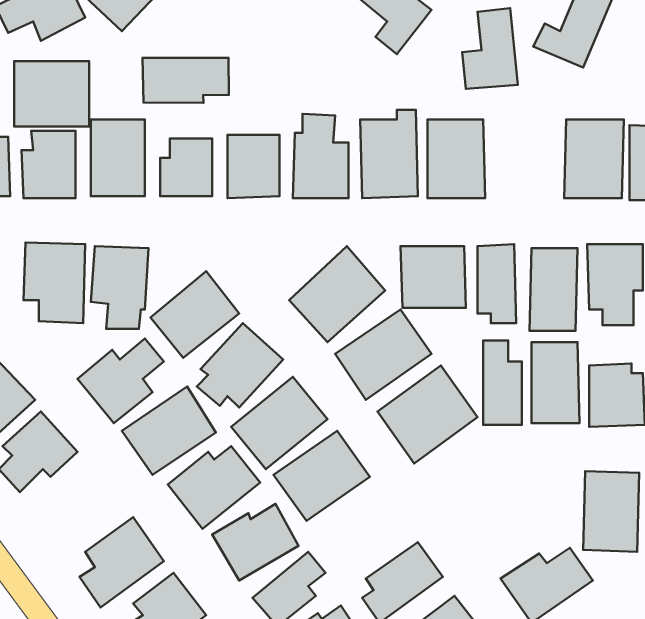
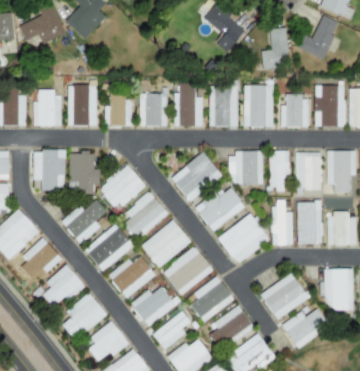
building: [143,58,229,103] -> none
building: [14,61,89,126] -> none
building: none -> [281,96,309,127]
building: none -> [43,264,86,306]
building: none -> [261,273,309,318]
building: none -> [187,276,235,322]

